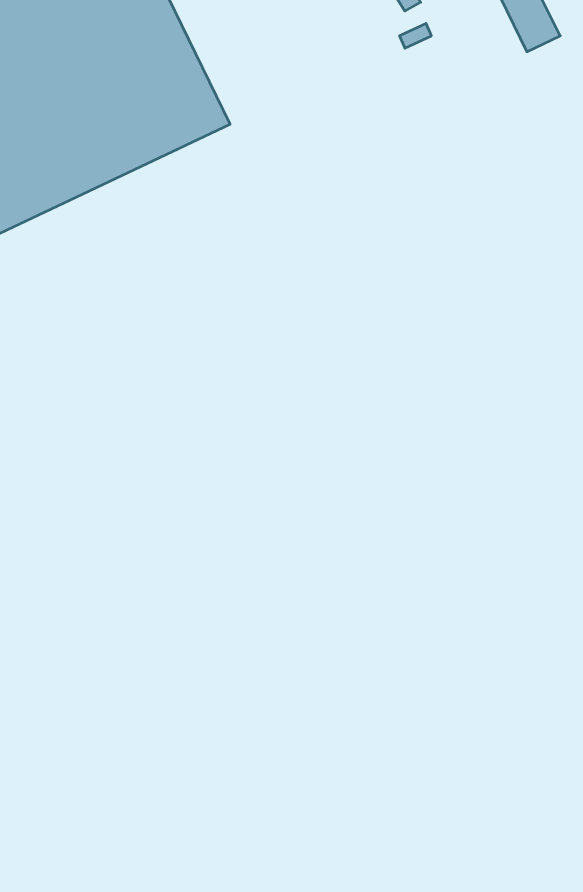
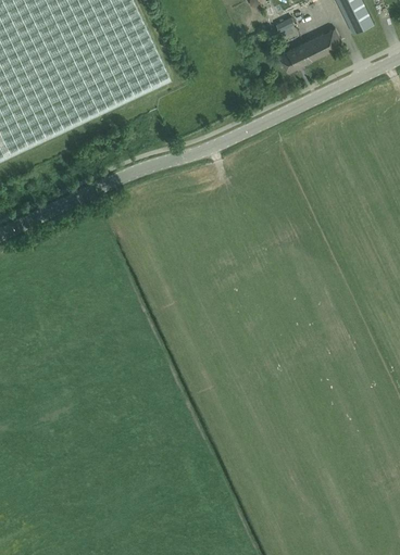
building: none -> [280,28,343,72]

